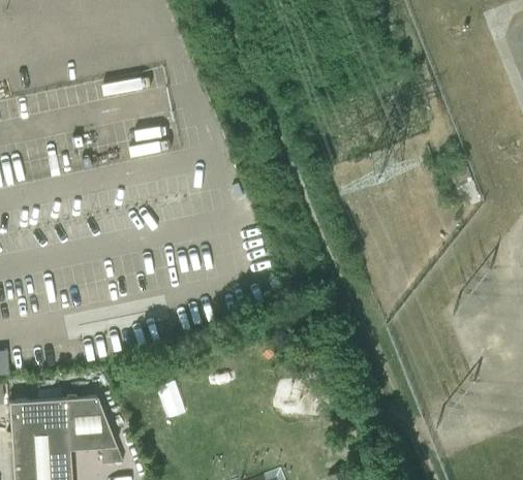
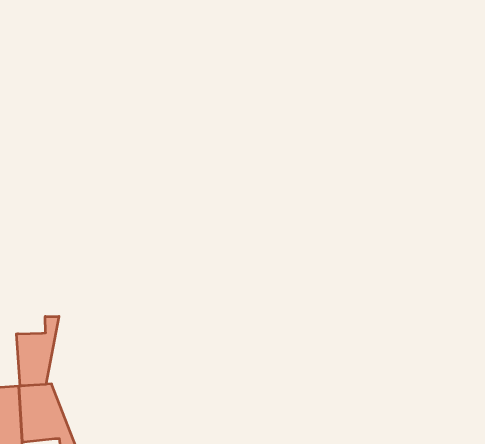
building: none -> [16,316,59,386]

